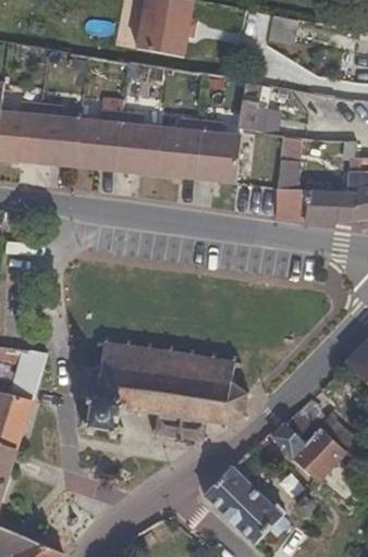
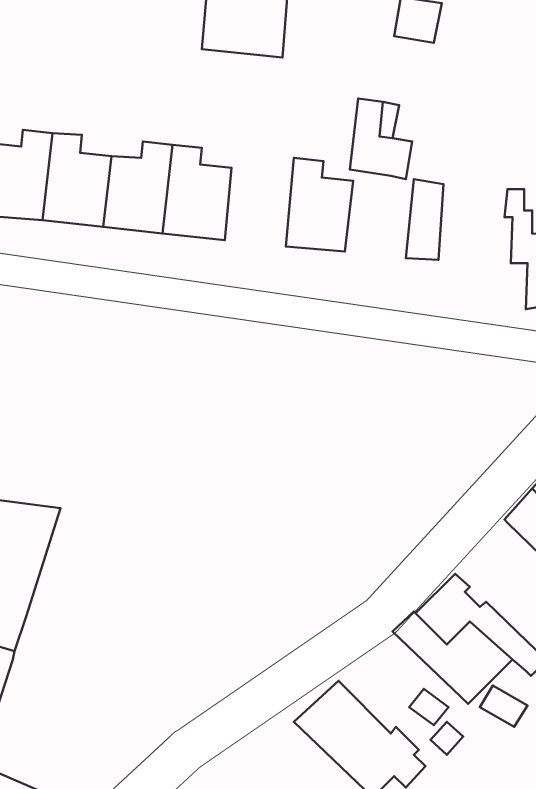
building: [158,120,204,181] -> none
building: [275,188,358,224] -> none
building: [87,336,255,449] -> none

